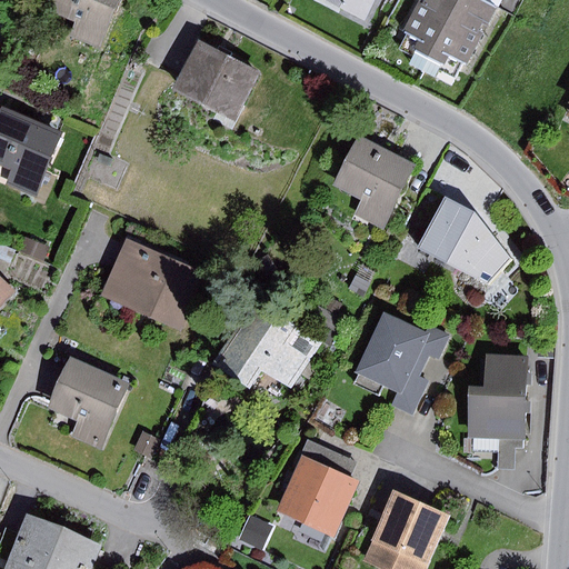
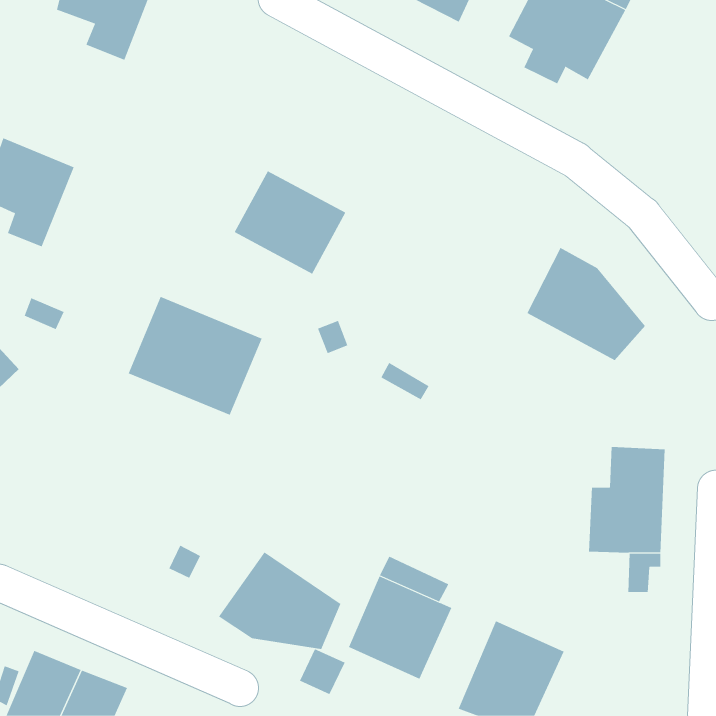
building: [172,39,261,121] -> [234,170,346,274]
building: [331,134,416,229] -> none
building: [212,298,321,388] -> none
building: [352,310,449,416] -> none
building: [49,357,130,449] -> none
building: none -> [218,551,341,650]

